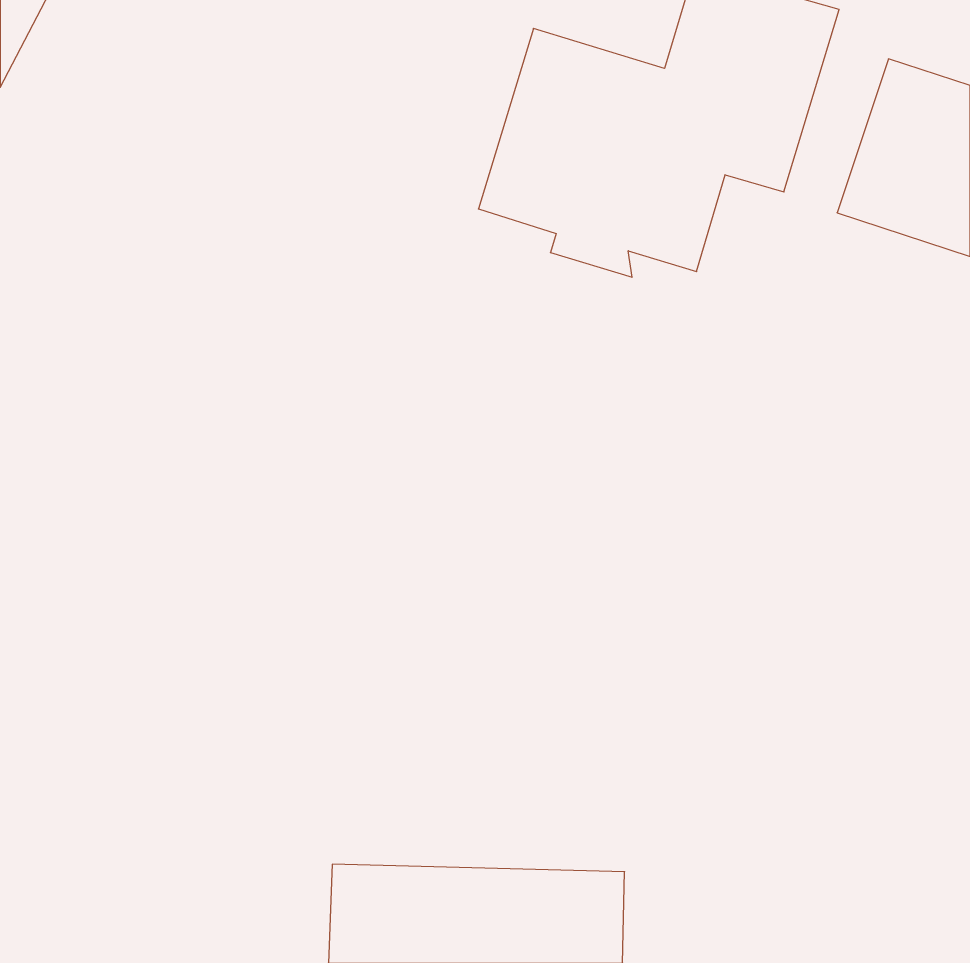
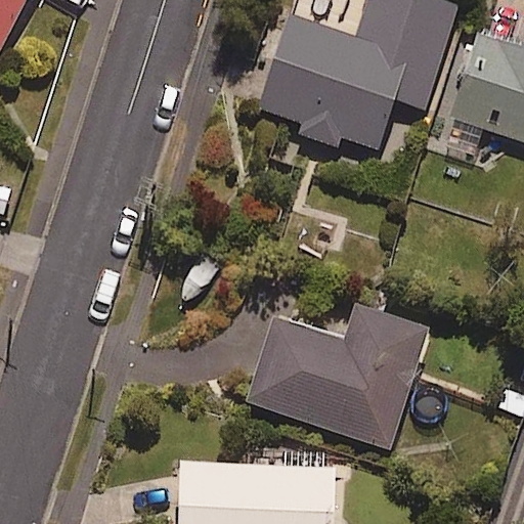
building: none -> [249,308,428,445]

